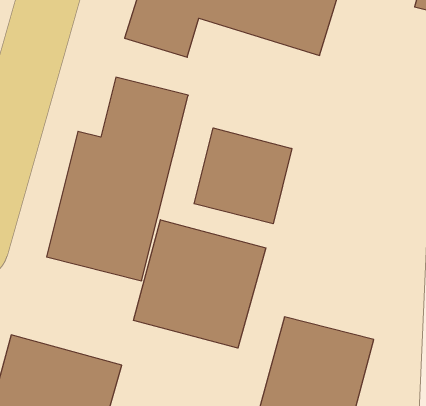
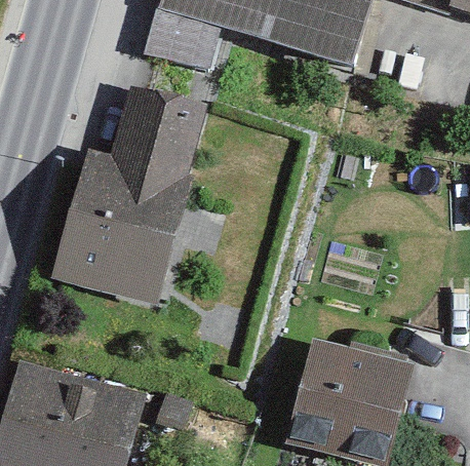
building: [194,128,292,224] -> none
building: [133,220,266,348] -> none

